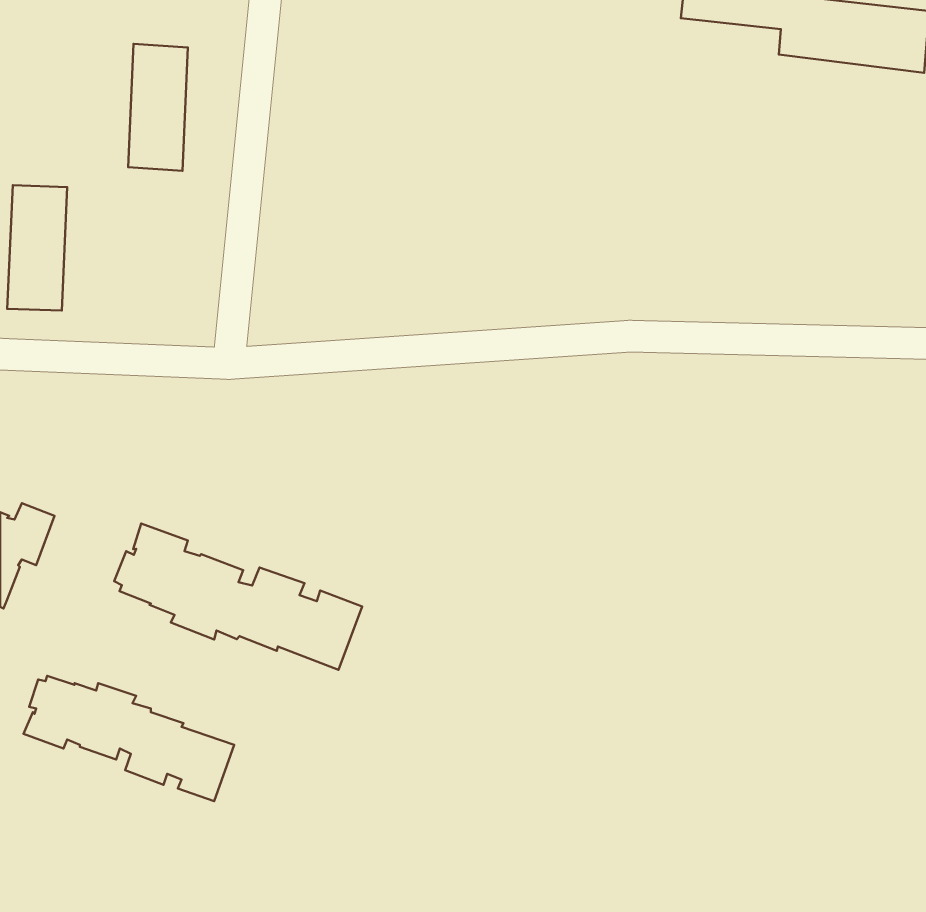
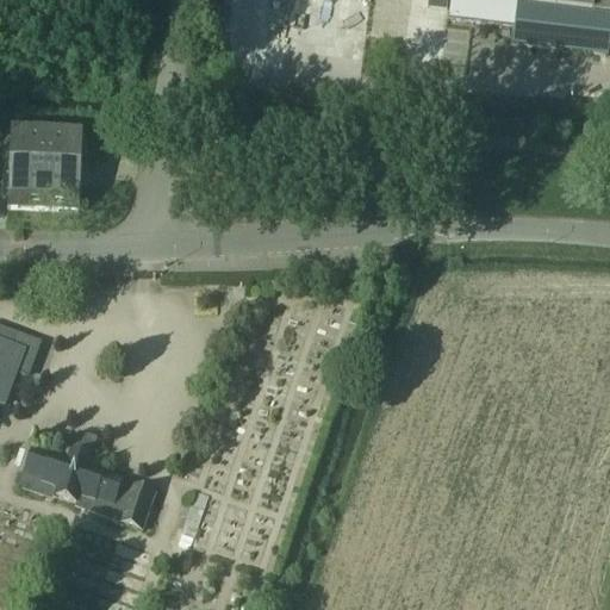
building: [128,44,188,171] -> [42,123,81,206]
building: [114,524,362,670] -> none

